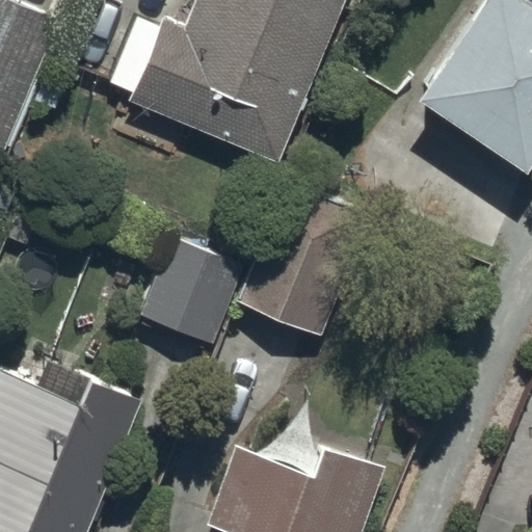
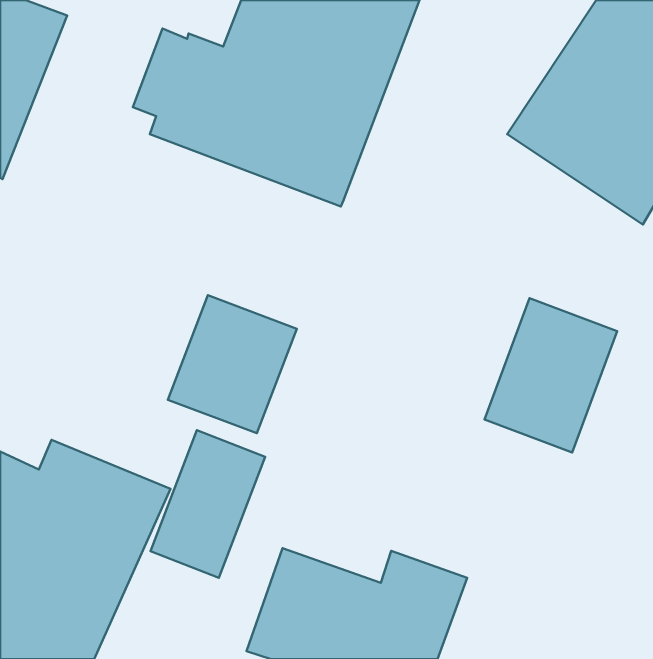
building: [238,185,370,340] -> none
building: none -> [484,298,617,453]
building: none -> [151,430,265,578]

